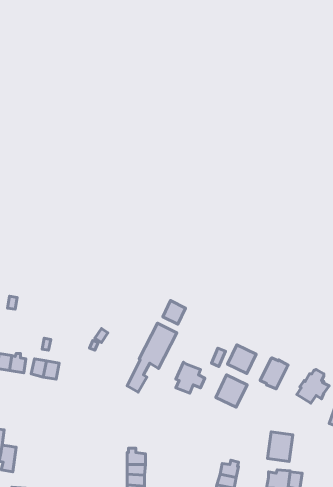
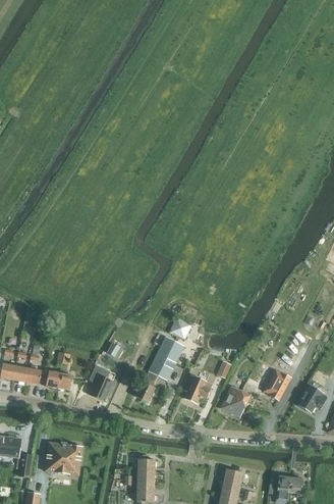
building: [228,345,256,374] -> none
building: none -> [89,364,111,400]
building: [268,432,293,461] -> none
building: none -> [45,442,82,474]

